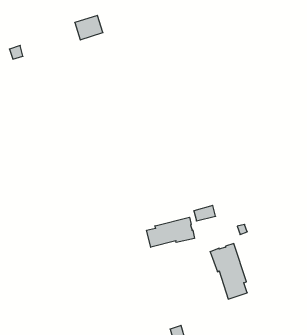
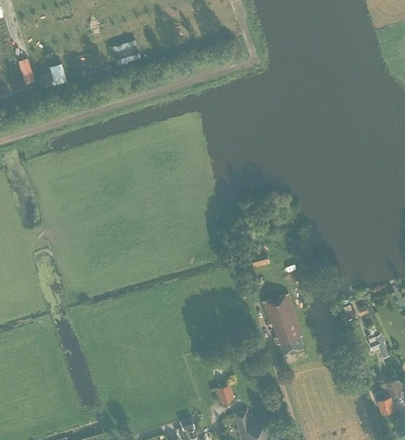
building: [147,217,194,247] -> none

